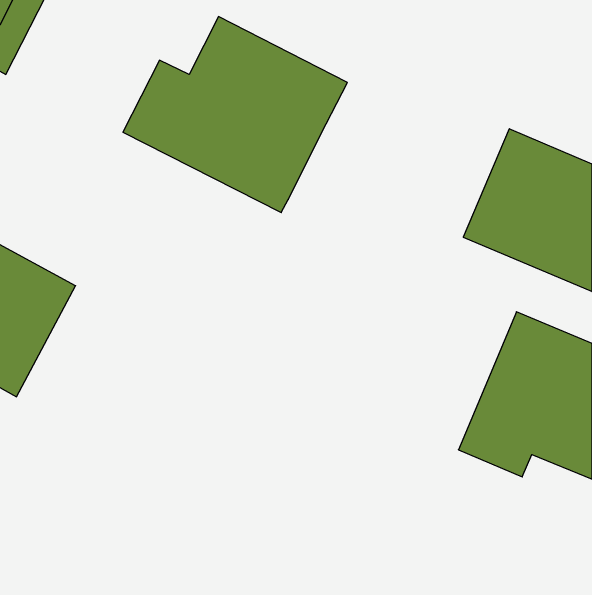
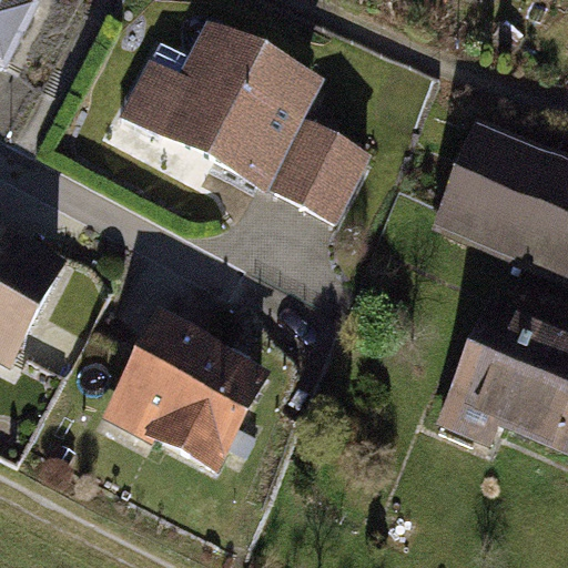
building: none -> [271,116,376,223]
building: none -> [97,305,274,478]

